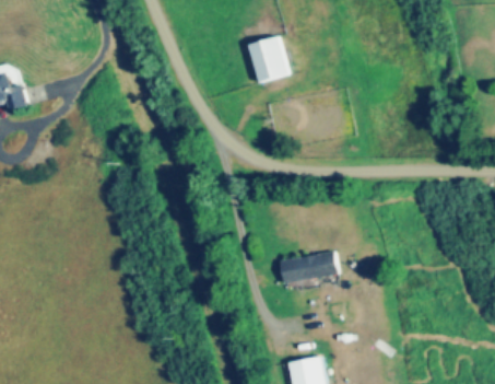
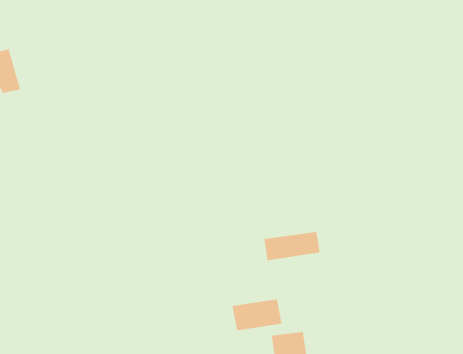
building: [249,35,290,83] -> none
building: none -> [232,298,282,331]

